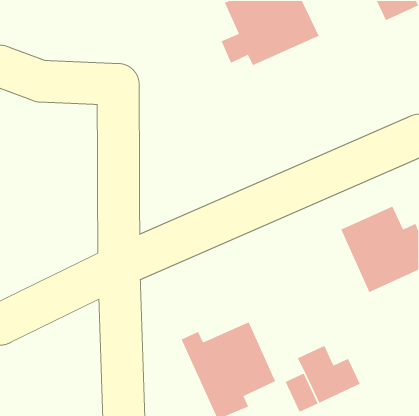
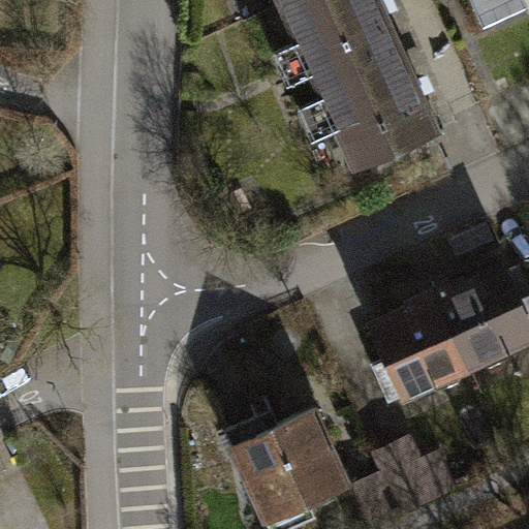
building: none -> [302,49,440,170]
building: none -> [362,292,465,411]

